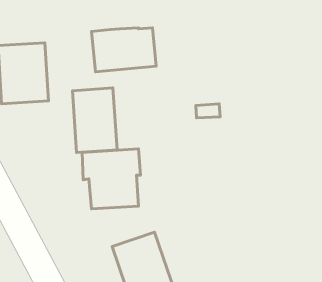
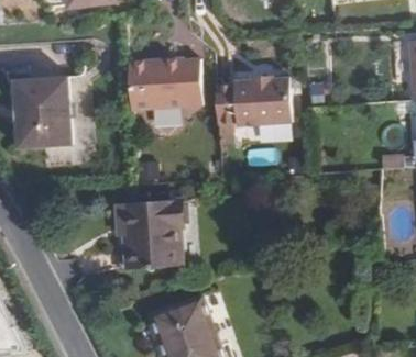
building: none -> [218,76,295,126]
building: [72,88,117,153] -> none

